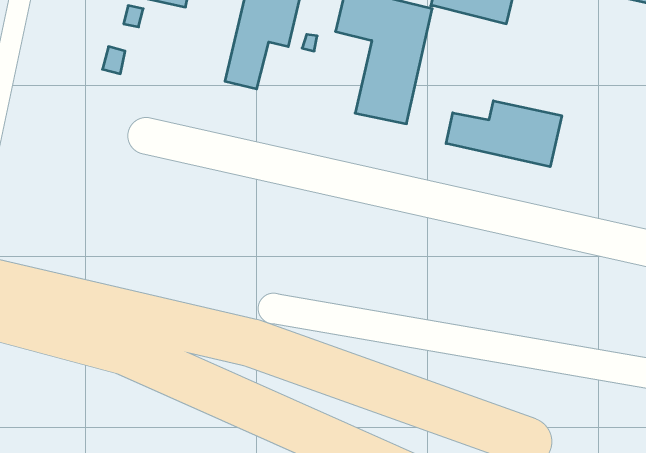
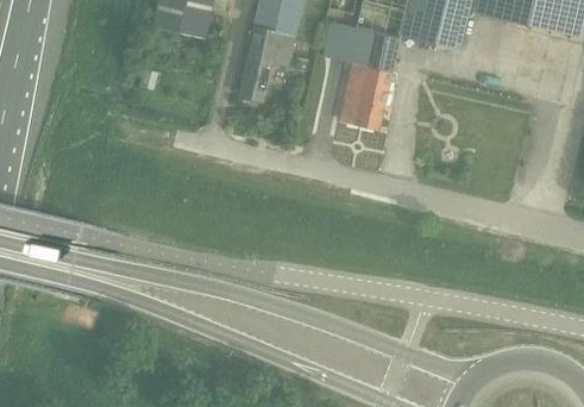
building: [446,101,562,167] -> none

